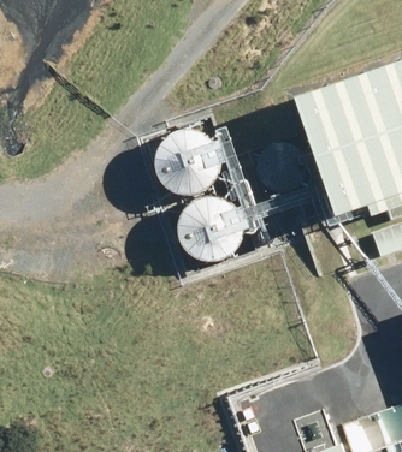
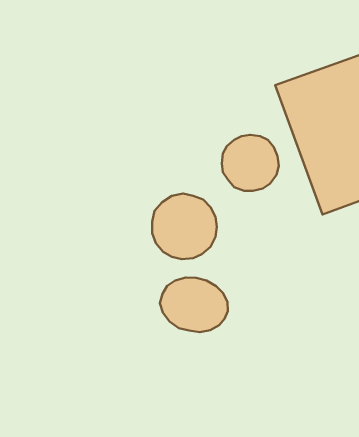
building: [156,132,220,196] -> none
building: none -> [160,278,228,332]

